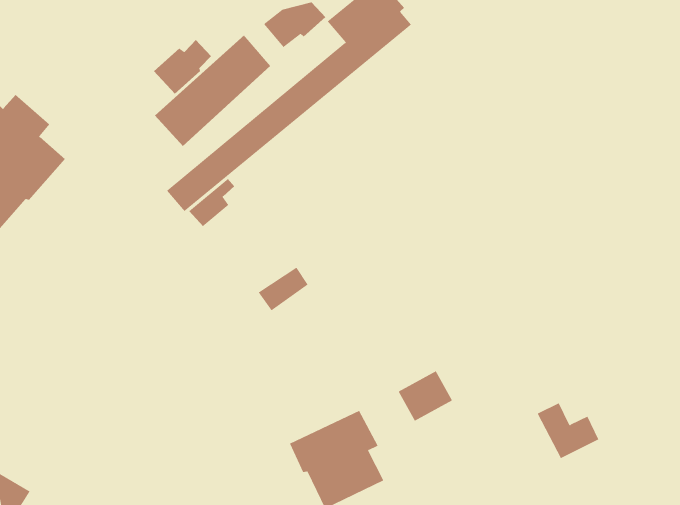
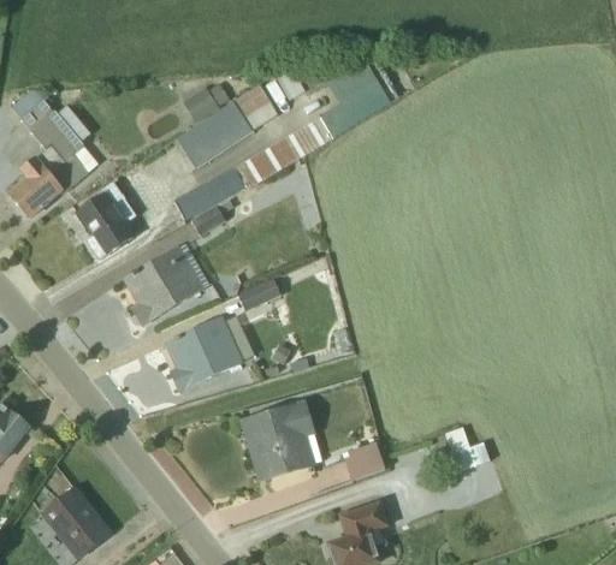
building: none -> [77,183,136,260]
building: none -> [124,245,207,325]
building: none -> [165,317,250,391]
building: [398,371,453,422] -> [340,442,384,481]

